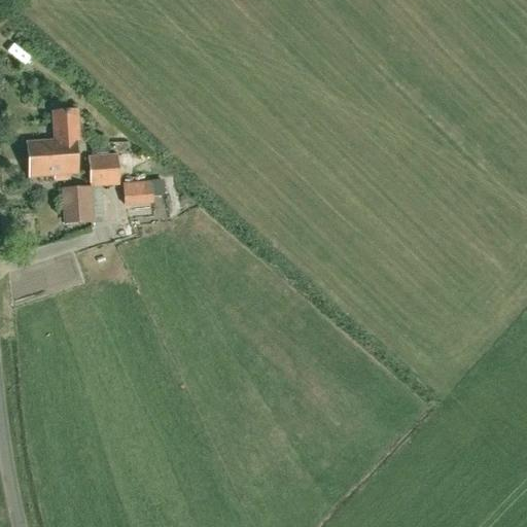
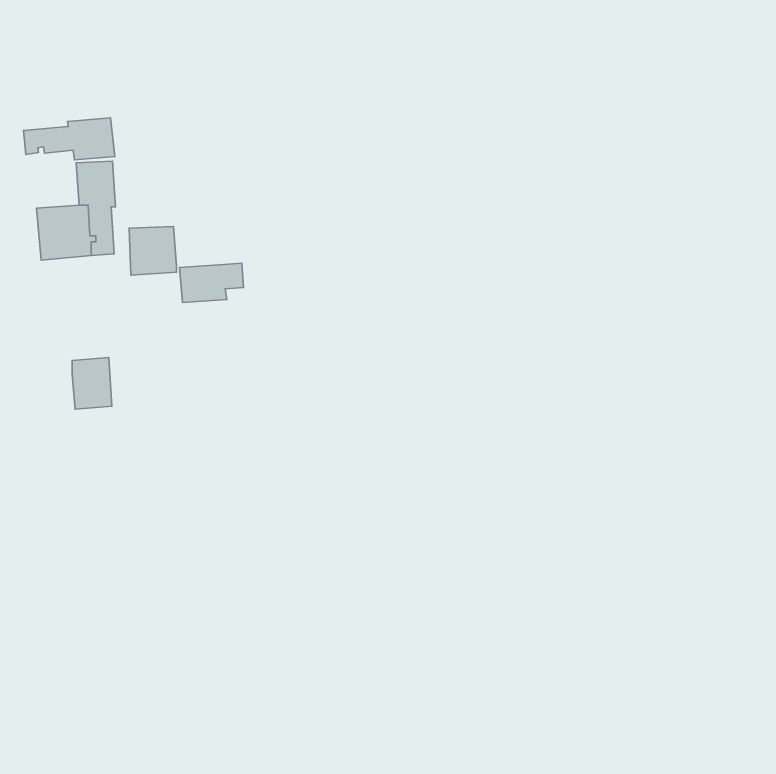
building: none -> [24,118,115,160]
building: [64,186,91,221] -> [72,357,112,409]

